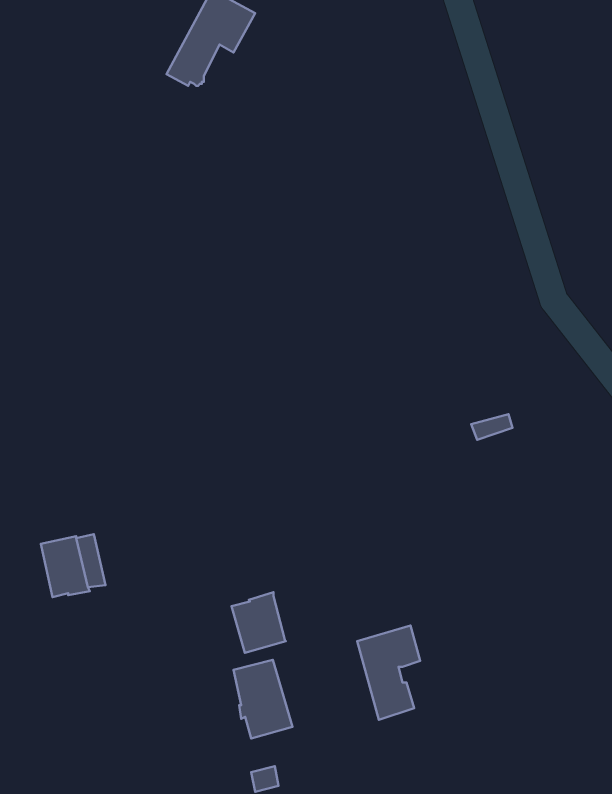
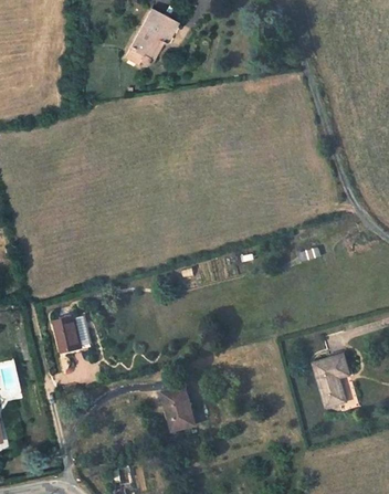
building: [231,592,286,653] -> none
building: [357,626,420,720] -> [315,355,350,408]

